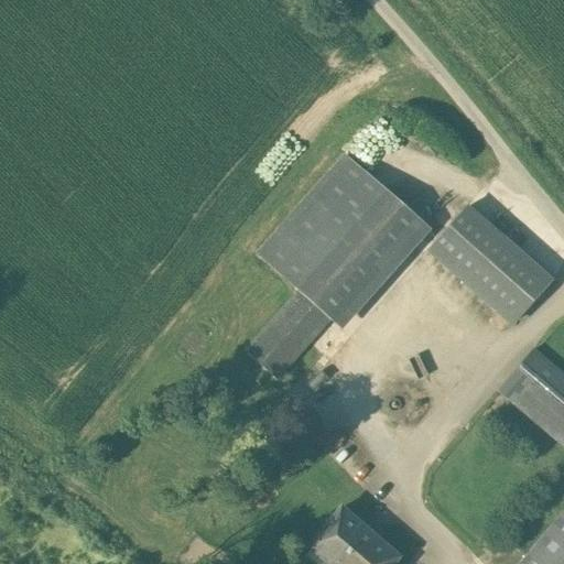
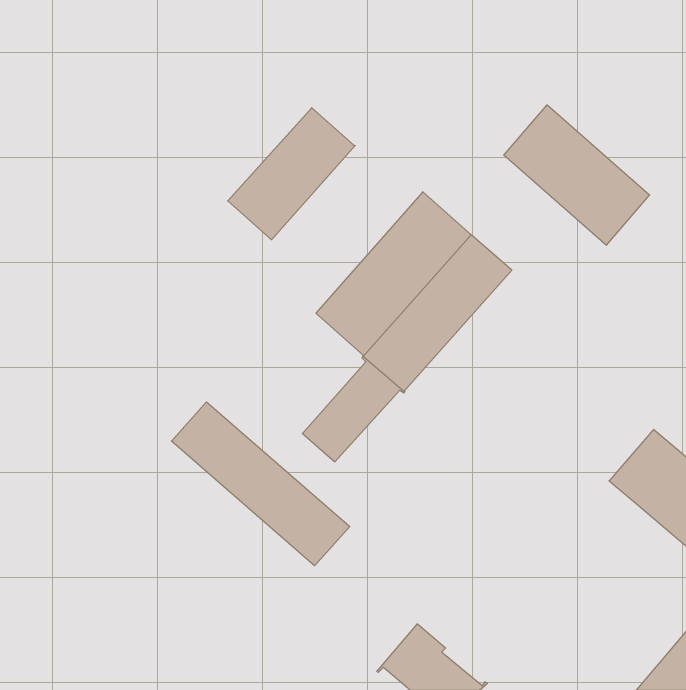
building: none -> [228,108,355,240]
building: [434,207,553,322] -> [504,105,650,245]
building: none -> [171,402,350,566]

